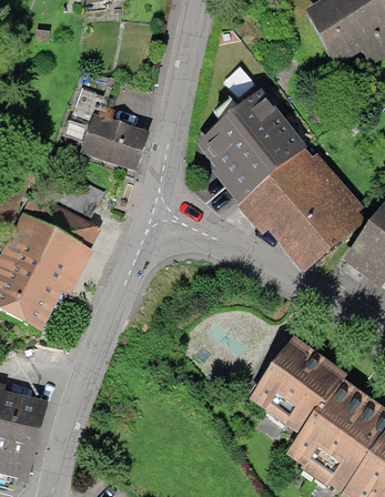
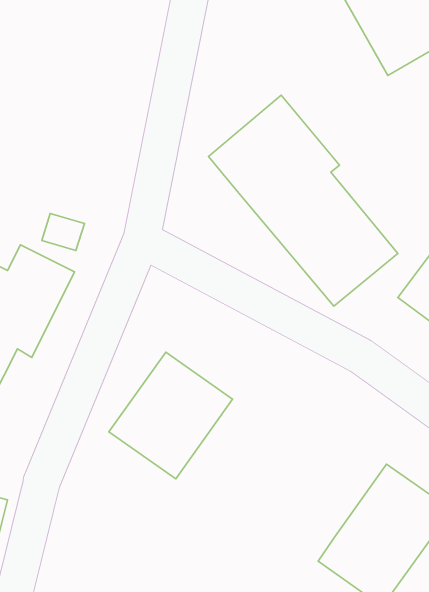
building: [62,88,145,171] -> none
building: [249,337,345,436] -> [109,352,233,479]

